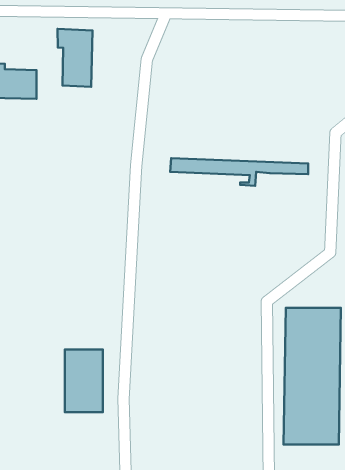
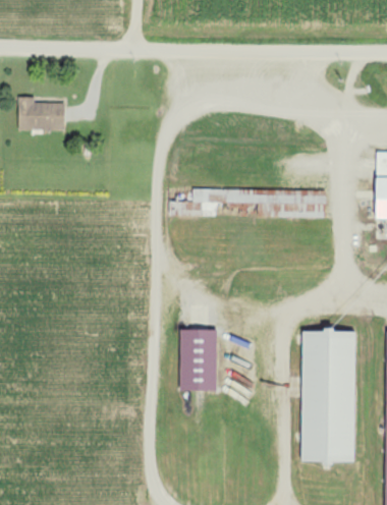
building: [58,29,92,87] -> none
building: [65,350,103,412] -> [180,330,217,390]

